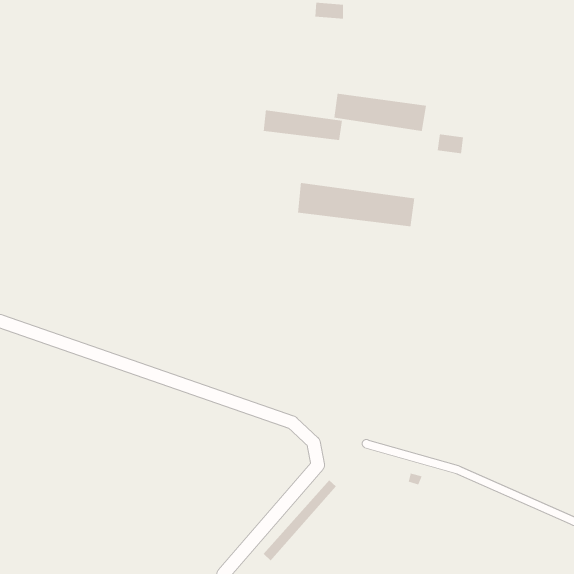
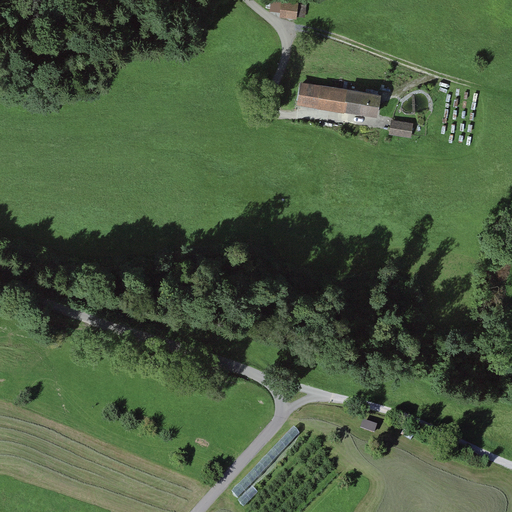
building: [263,110,342,141] -> none
building: [298,182,415,227] -> none

